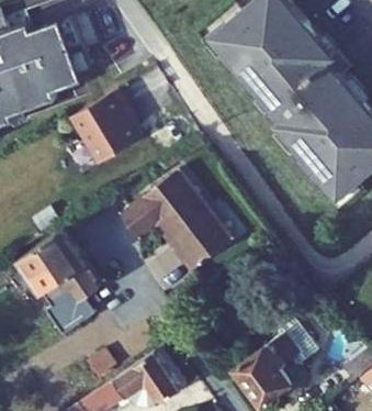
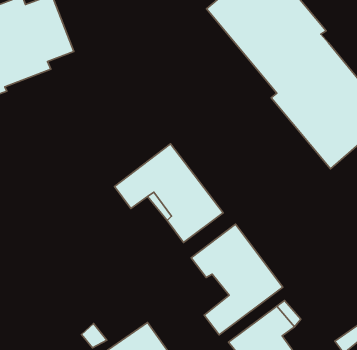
building: [70,91,137,163] -> none
building: [15,232,99,315] -> none
building: none -> [191,224,283,335]

